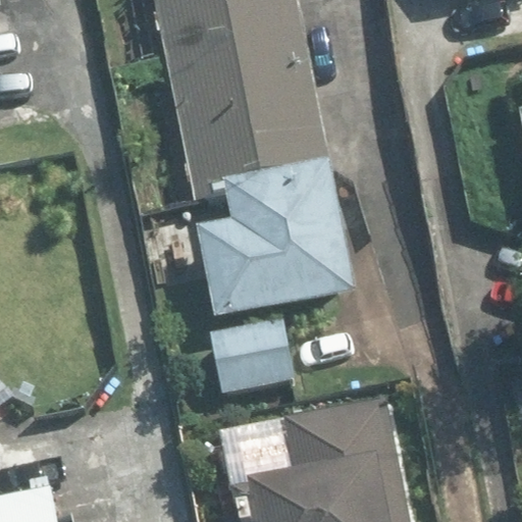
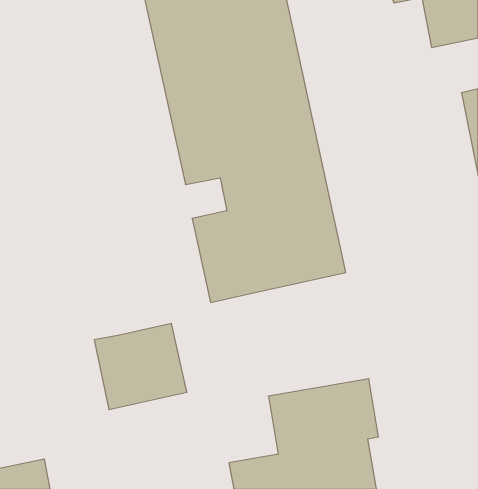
building: [196,307,294,398] -> [94,324,187,410]

